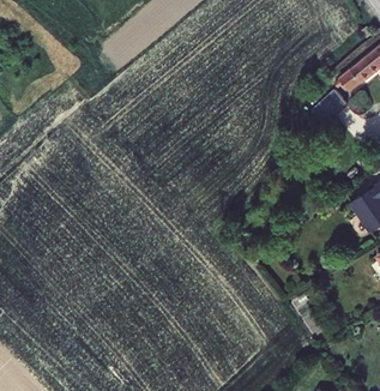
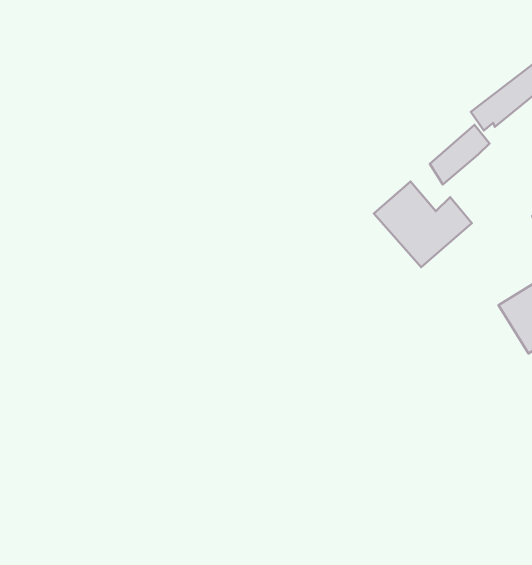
building: none -> [374,182,472,267]

